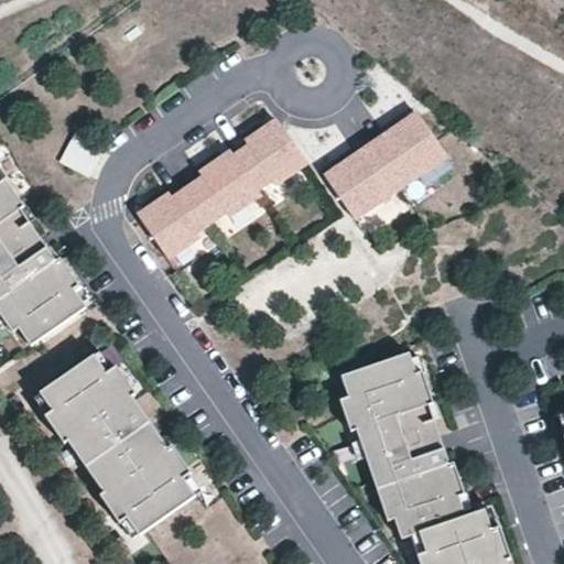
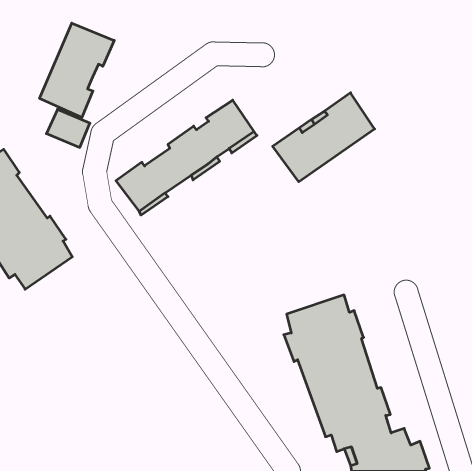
building: none -> [40,23,114,118]
building: [39,349,193,534] -> none

